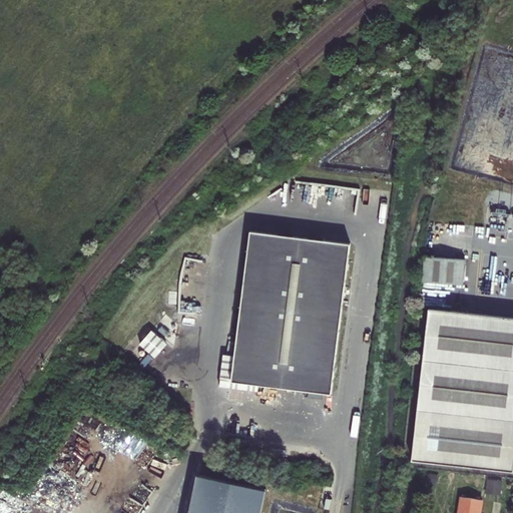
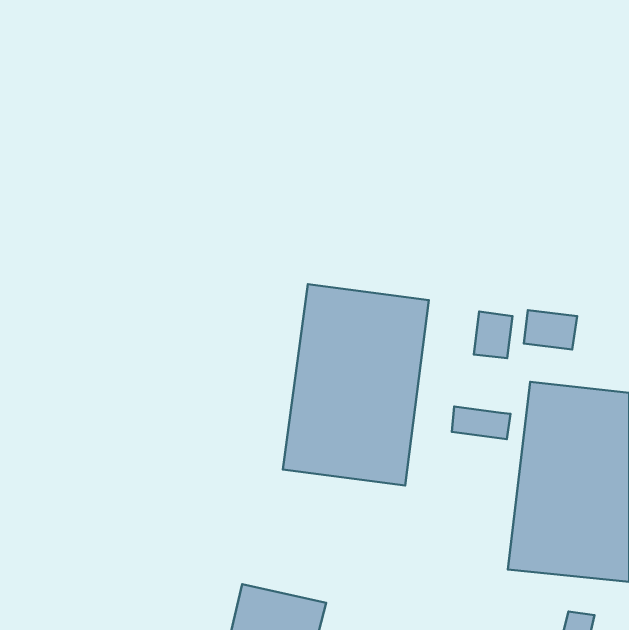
building: none -> [474,312,512,358]
building: none -> [452,407,511,439]

